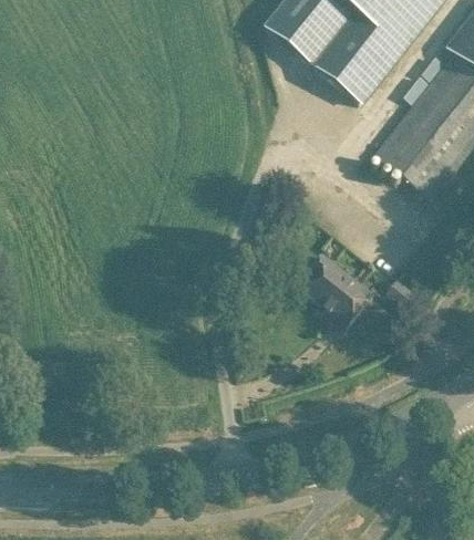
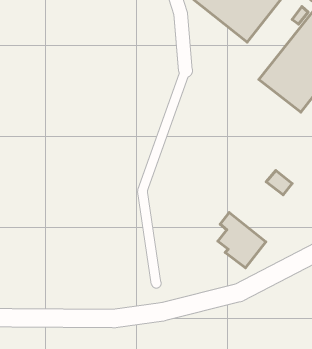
building: [309,252,374,328] -> [218,213,266,268]

